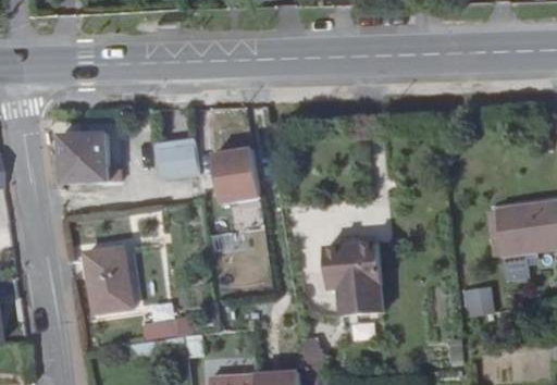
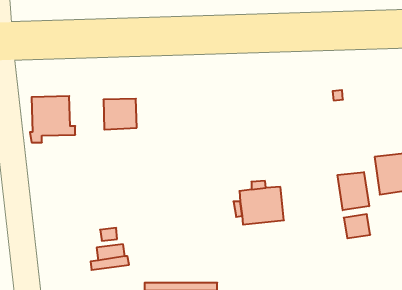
building: [203,146,257,207] -> none
building: none -> [338,172,369,210]
building: [86,253,132,316] -> none

